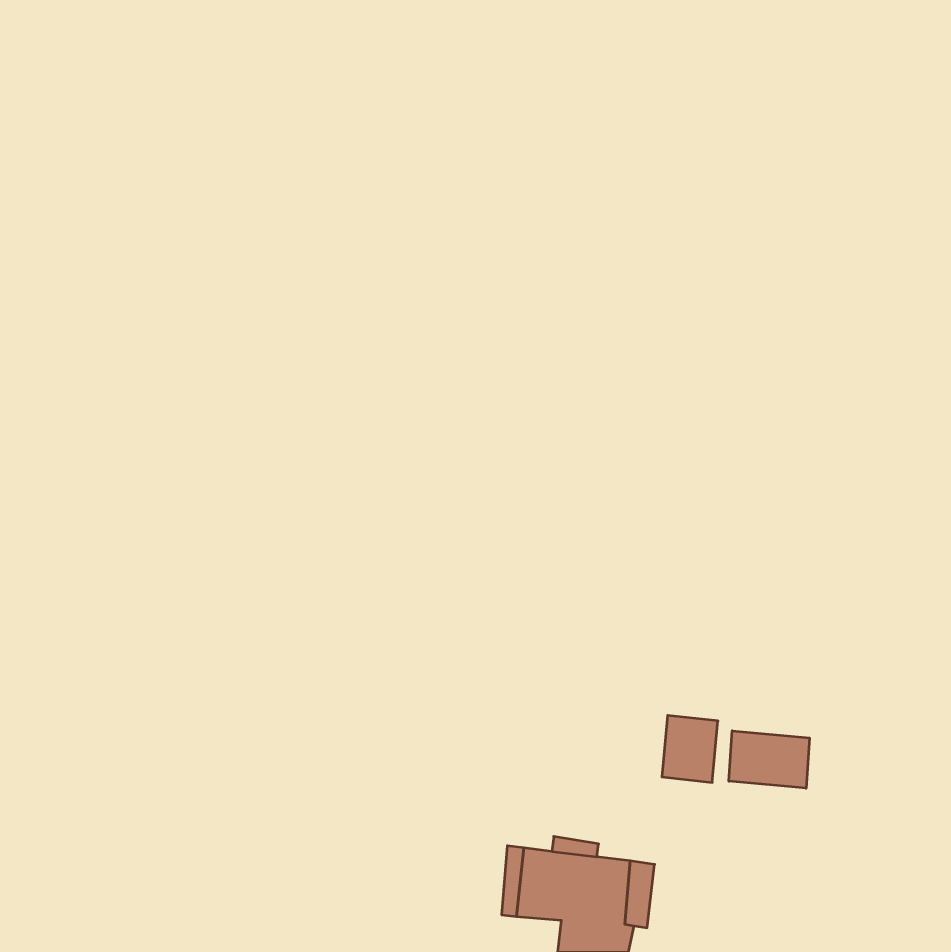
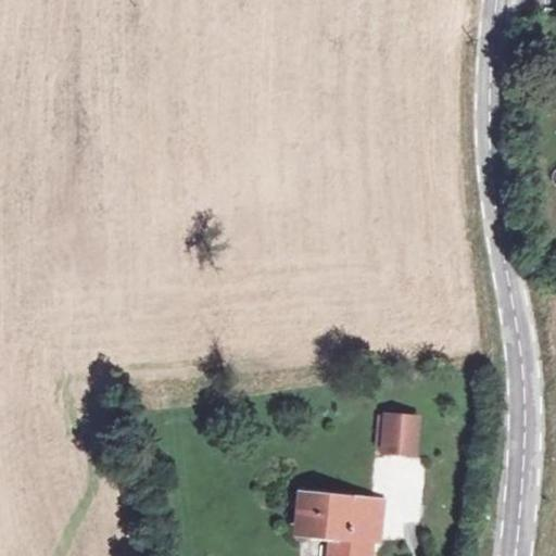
building: [729,731,809,788] -> none

